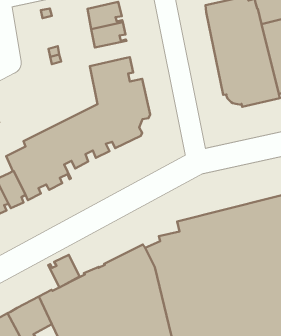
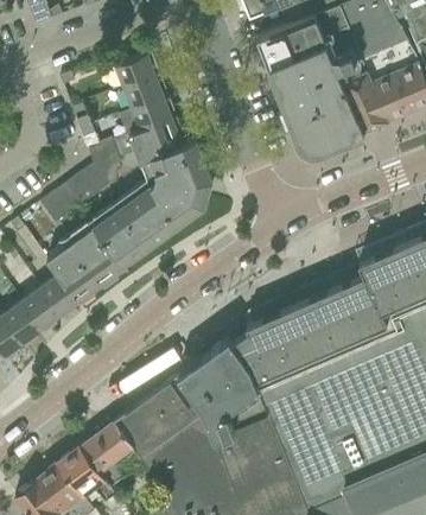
building: none -> [119,96,174,135]
building: none -> [39,141,119,224]
building: [48,255,80,287] -> none

